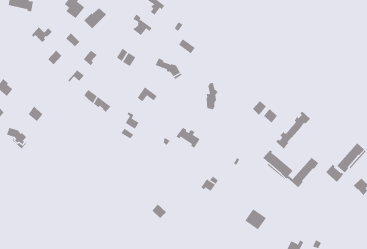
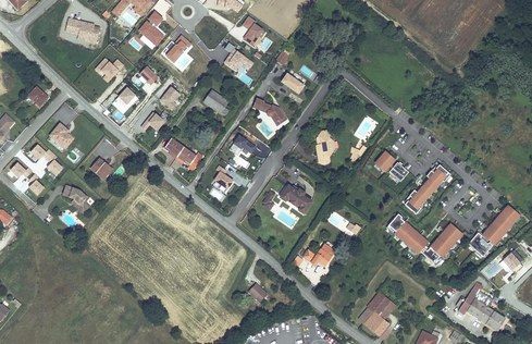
building: none -> [462,283,510,331]
building: none -> [358,305,388,335]

